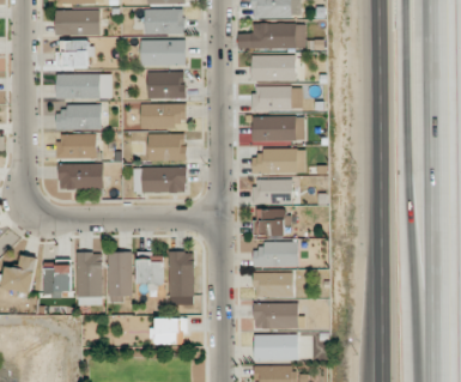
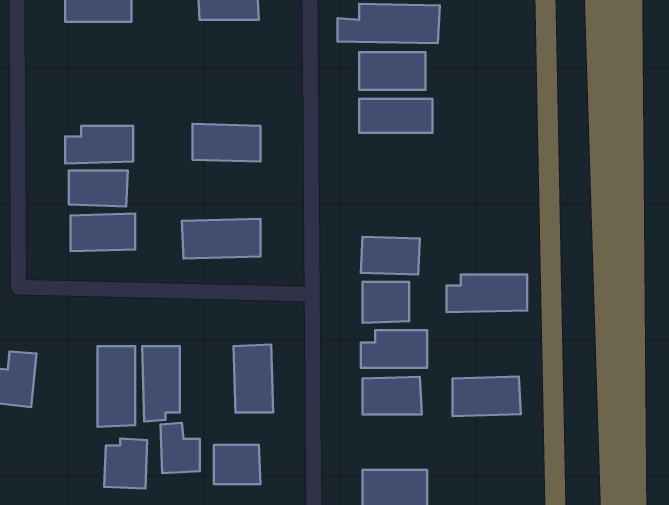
building: [57,41,91,67] -> none
building: [140,41,186,67] -> none
building: [147,72,184,99] -> none
building: [56,74,111,99] -> none
building: [251,117,304,143] -> none
building: [147,134,186,162] -> none
building: [251,150,305,175] -> [447,275,527,312]
building: [137,253,163,286] -> [160,423,200,473]
building: [43,265,72,298] -> [104,438,147,489]
building: [253,303,298,329] -> [453,377,521,416]

